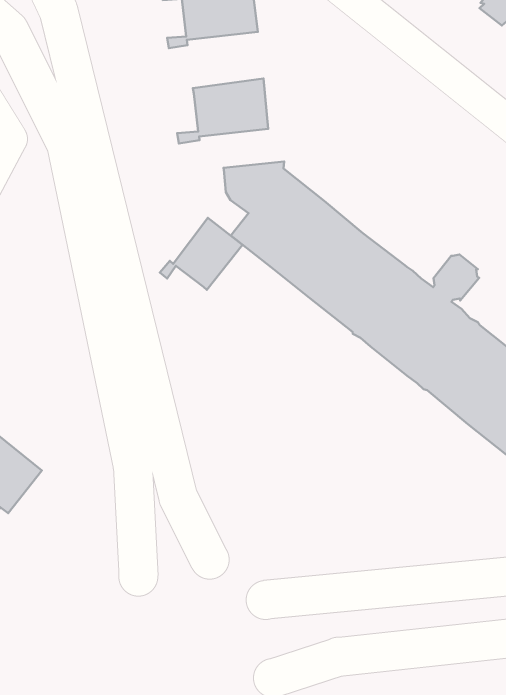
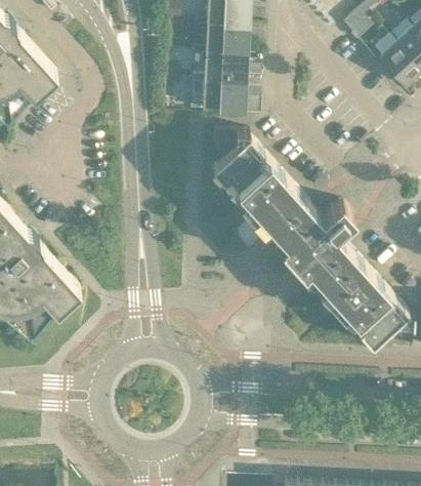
building: none -> [190,53,245,85]
building: [160,218,243,290] -> none

